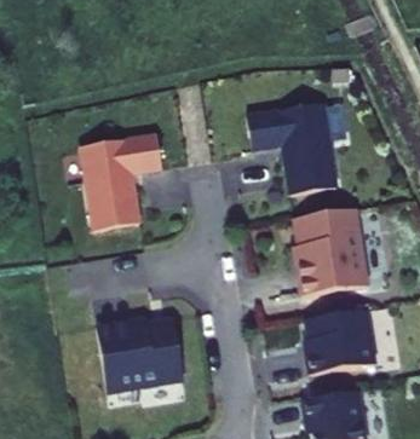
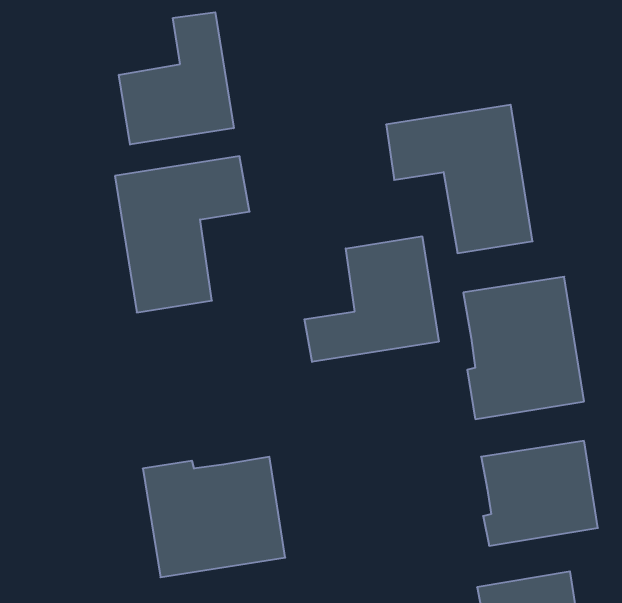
building: none -> [119,12,234,145]
building: none -> [304,236,439,362]

